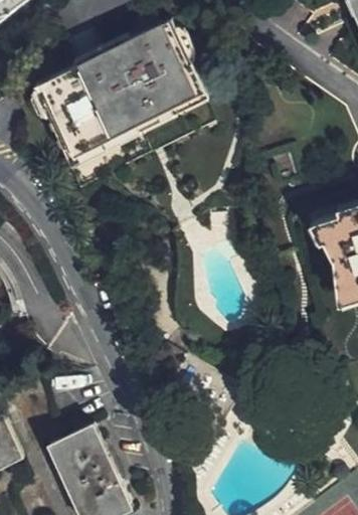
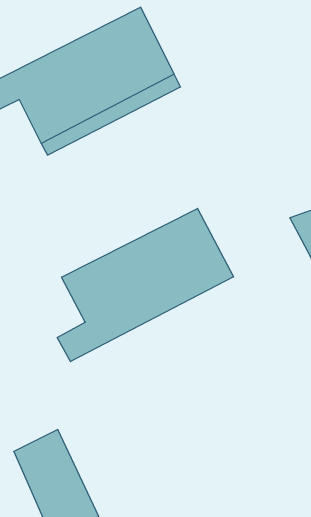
building: none -> [57,208,234,362]

